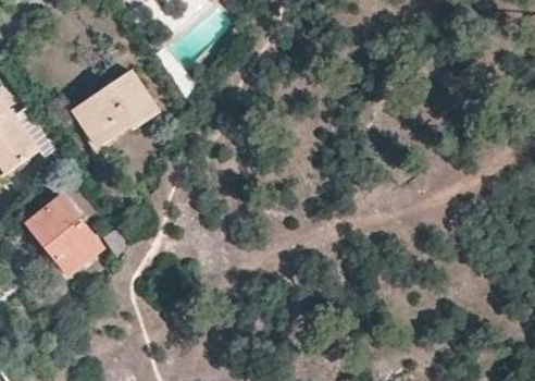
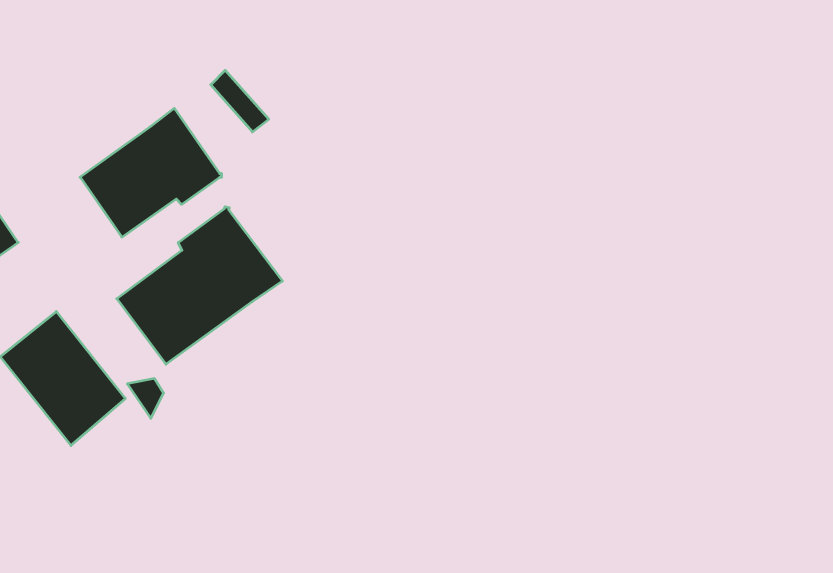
building: none -> [117,207,282,364]

